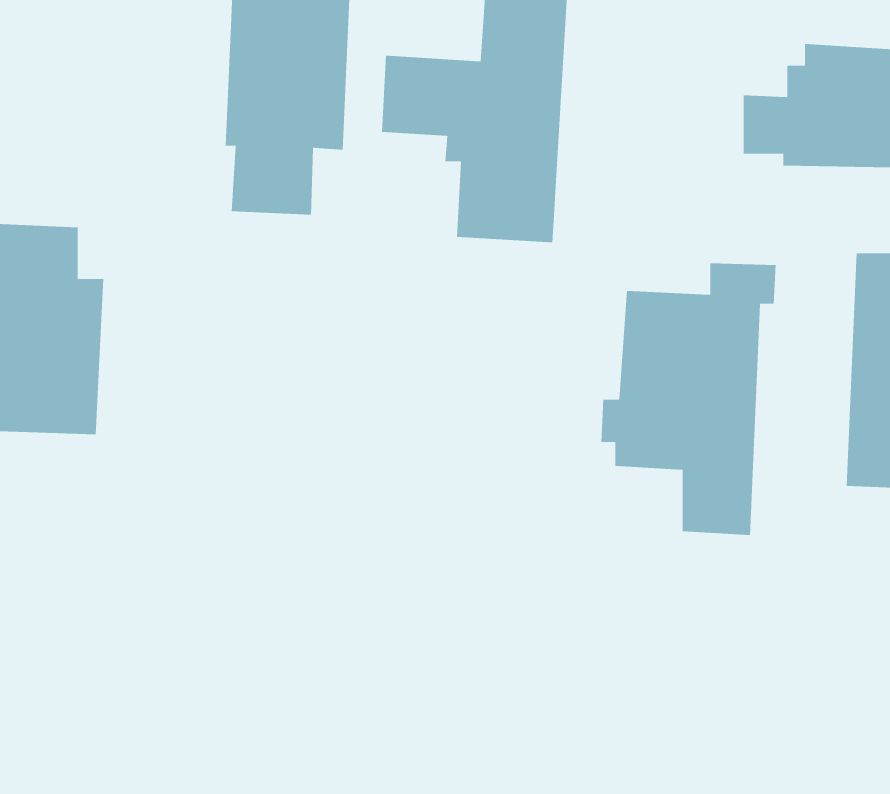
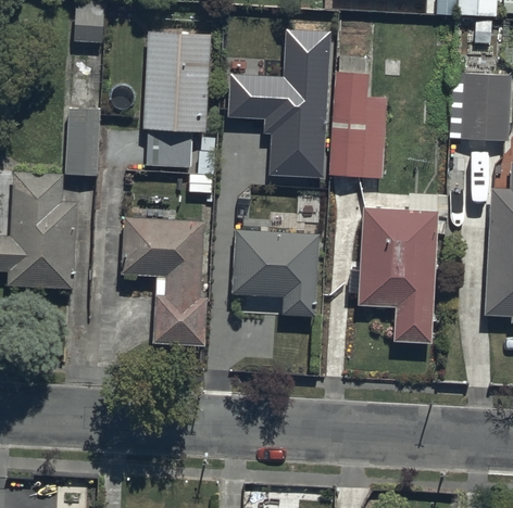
building: none -> [329,58,385,177]
building: none -> [66,109,99,175]
building: none -> [121,217,205,345]
building: none -> [233,231,318,316]

